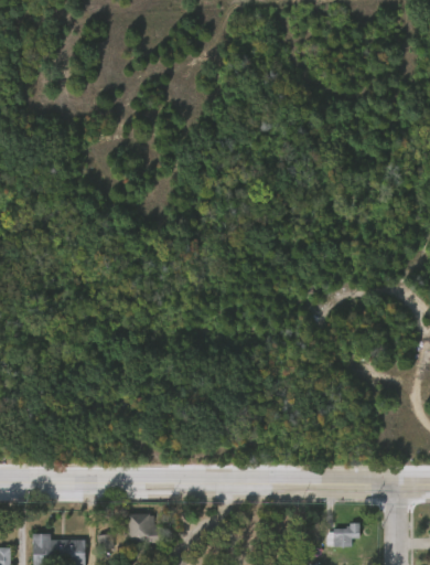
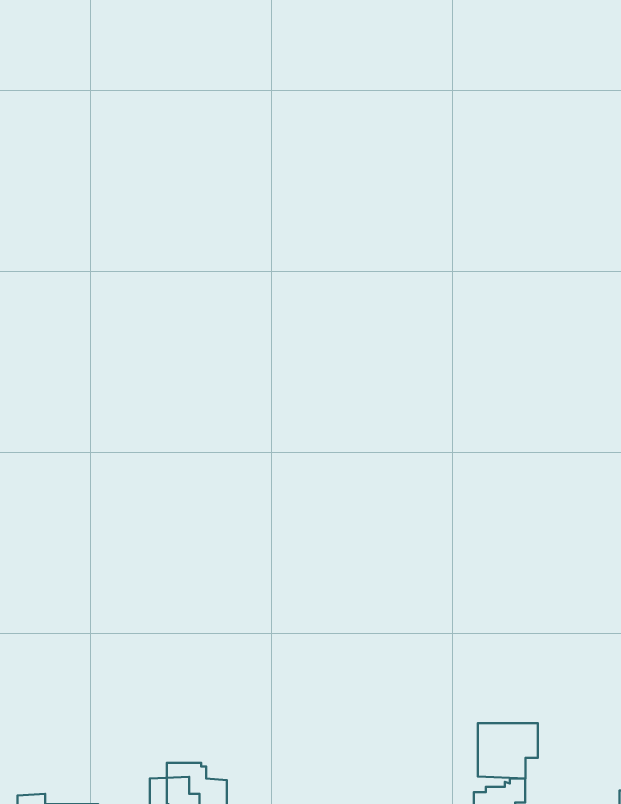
building: none -> [478,723,538,778]

